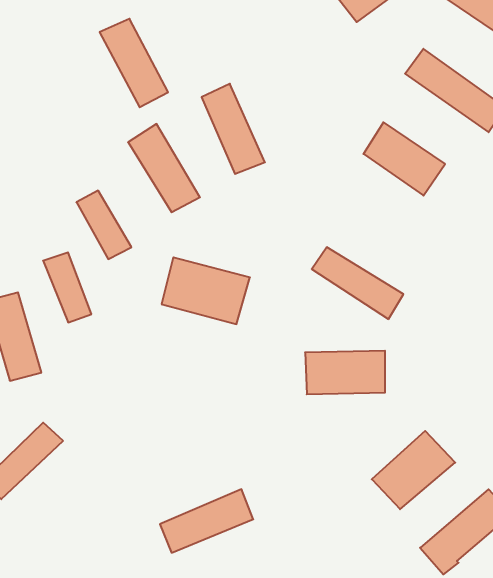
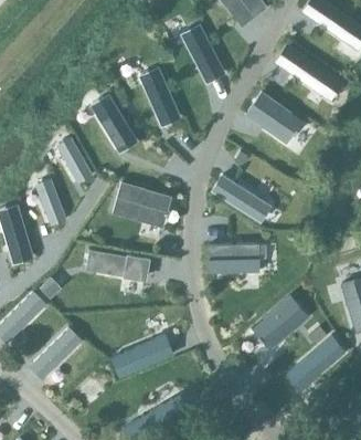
building: [100,19,168,107] -> [180,24,225,83]
building: none -> [86,250,148,280]
building: none -> [30,326,82,379]

